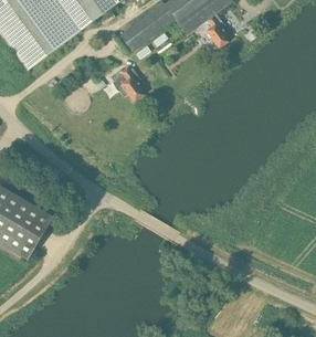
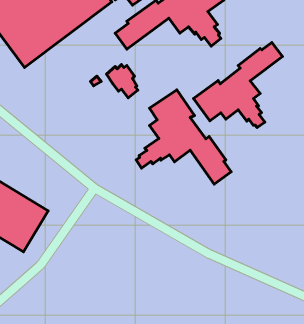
building: none -> [194,42,283,128]
building: none -> [136,90,231,184]

